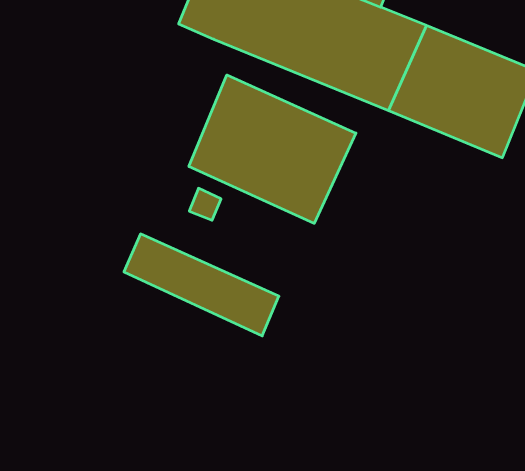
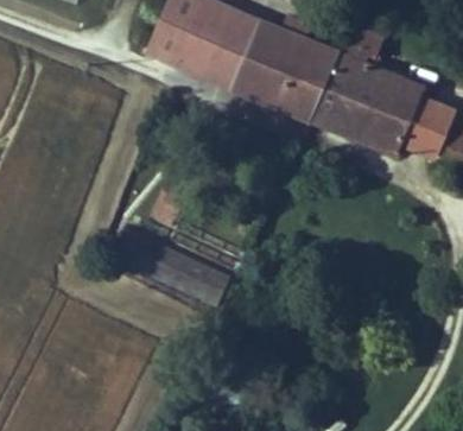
building: [189,75,356,223] -> none

